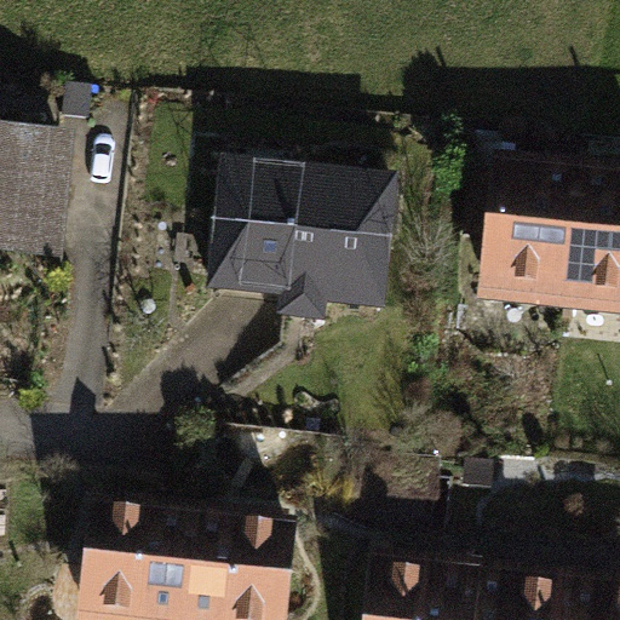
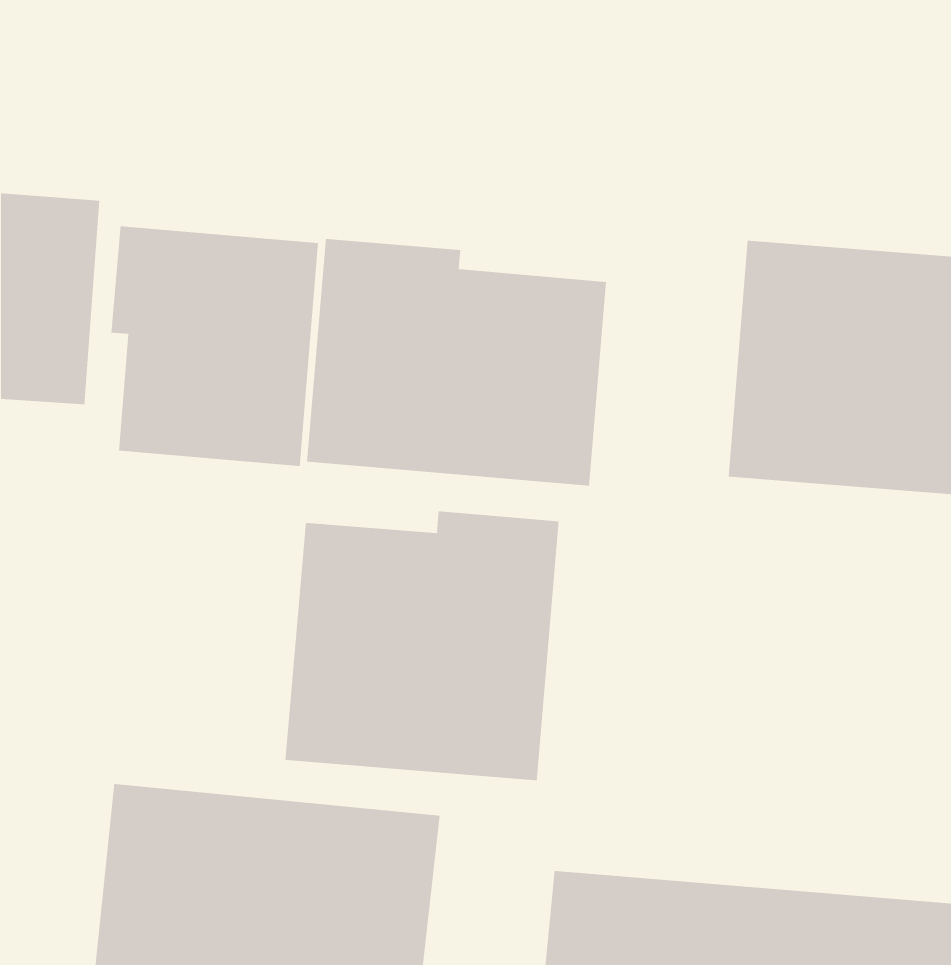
building: none -> [111,226,319,467]
building: none -> [285,510,559,781]

